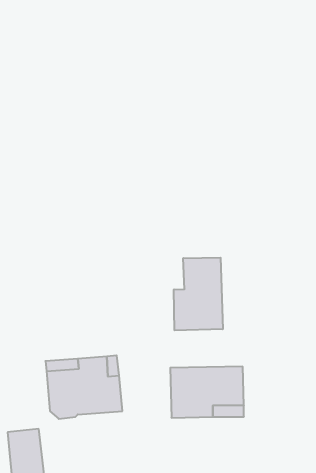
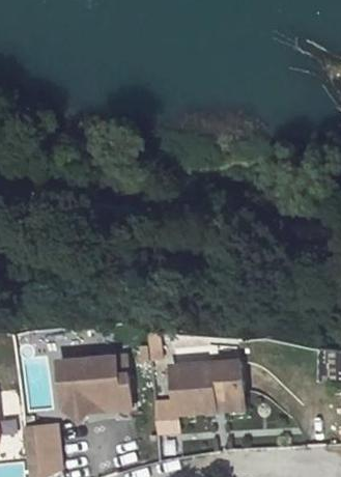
building: [174,258,223,330] -> none

